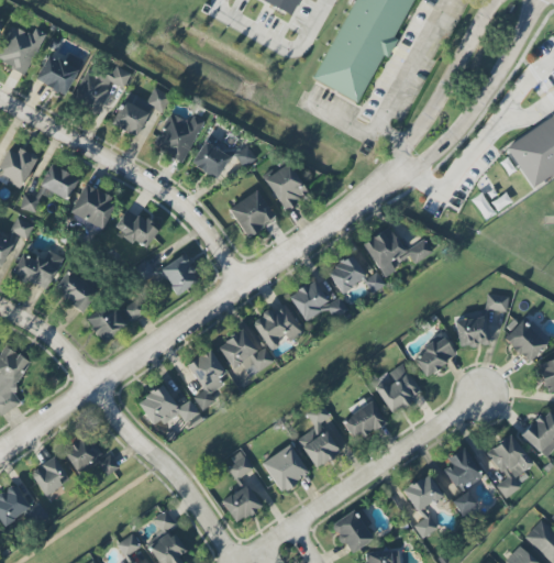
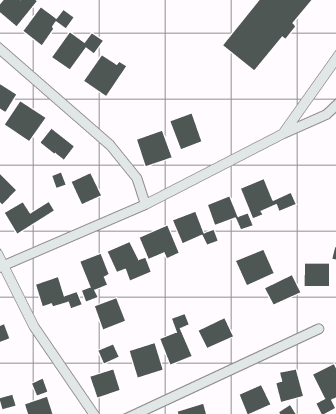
building: [191,133,255,179] -> none
building: [374,366,423,413] -> [235,249,275,286]
building: none -> [94,298,126,330]

